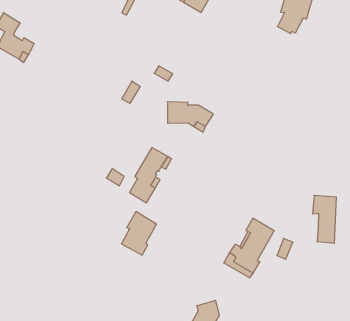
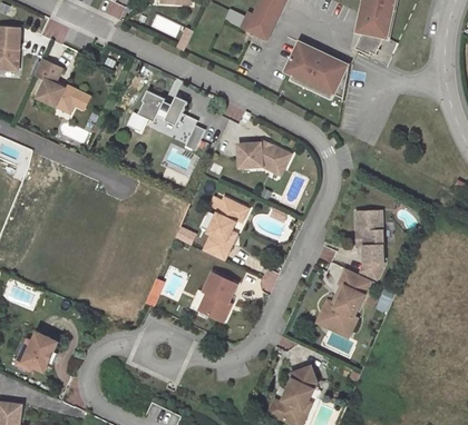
building: none -> [286,41,349,99]
building: none -> [138,89,187,125]
building: [313,195,336,243] -> [355,210,383,263]

